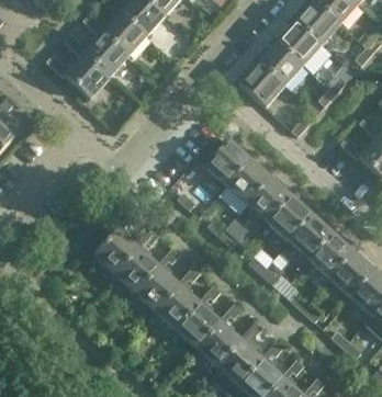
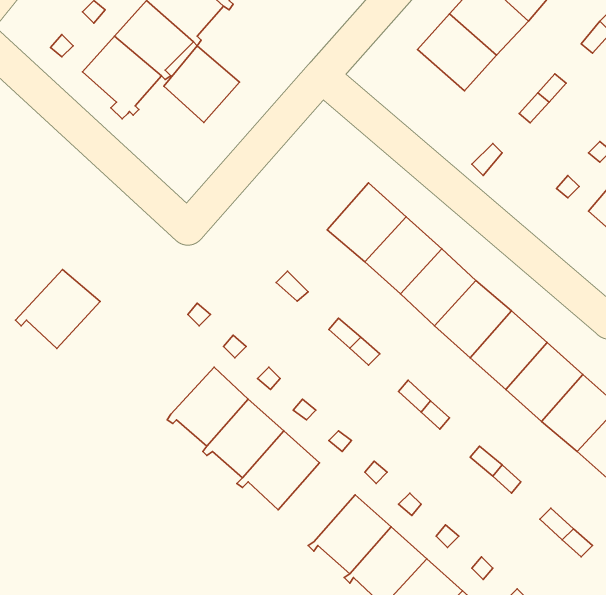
building: none -> [164,46,239,123]
building: [240,61,286,107] -> none
building: [91,228,141,274] -> [15,269,100,348]
building: [175,303,223,349] -> none

